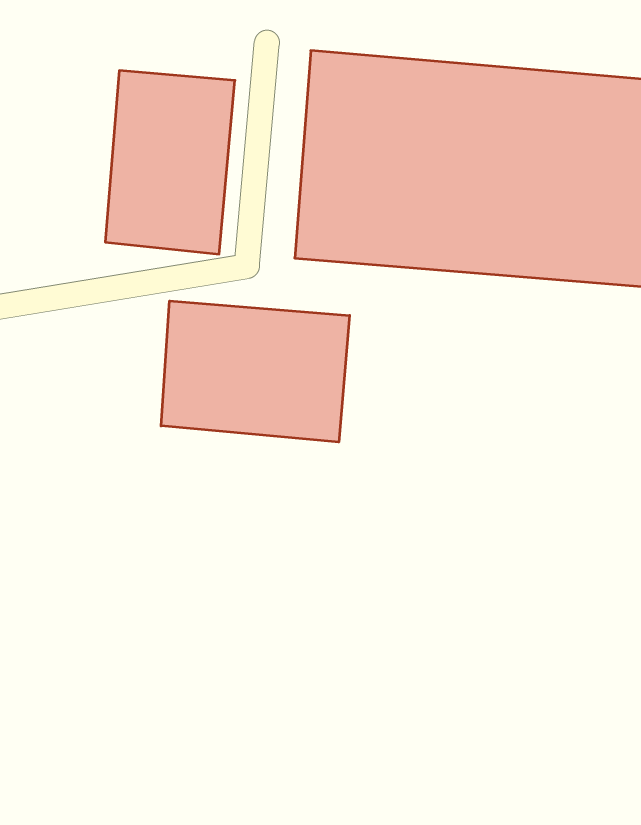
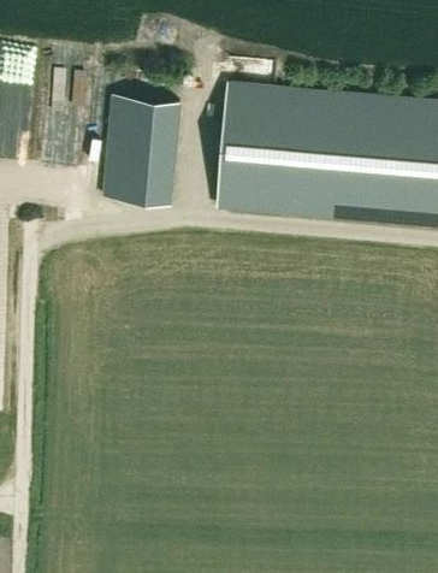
building: [161,301,350,442] -> none

